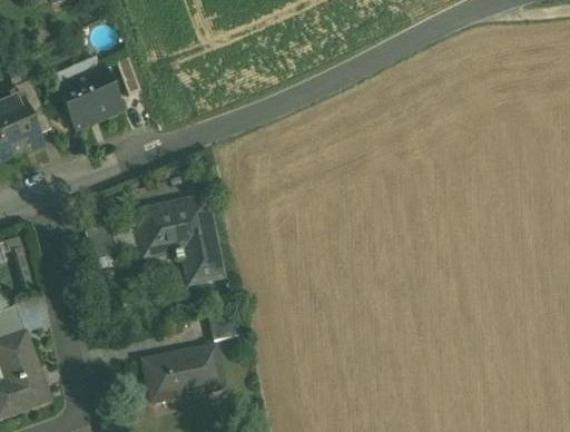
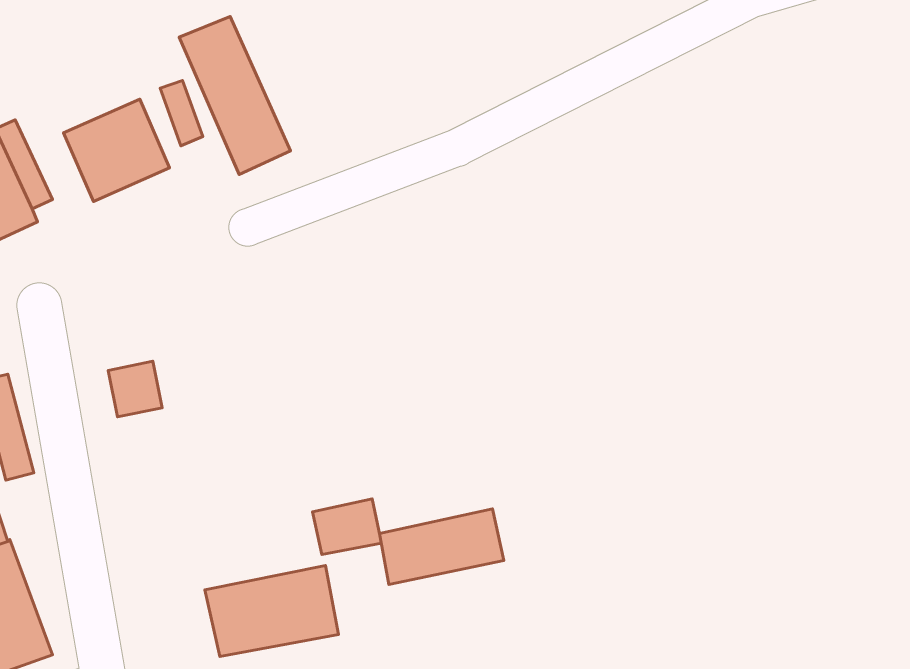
building: none -> [179,17,290,174]
building: [130,196,222,281] -> none
building: none -> [380,509,504,584]

